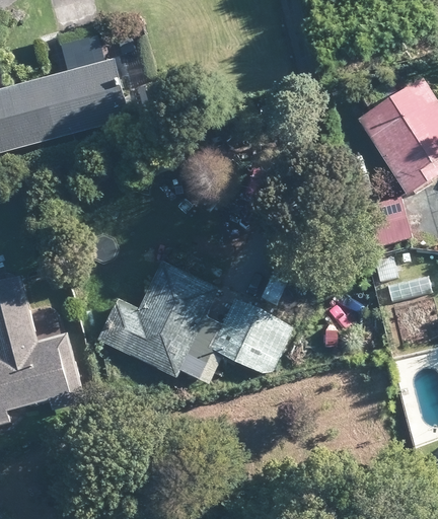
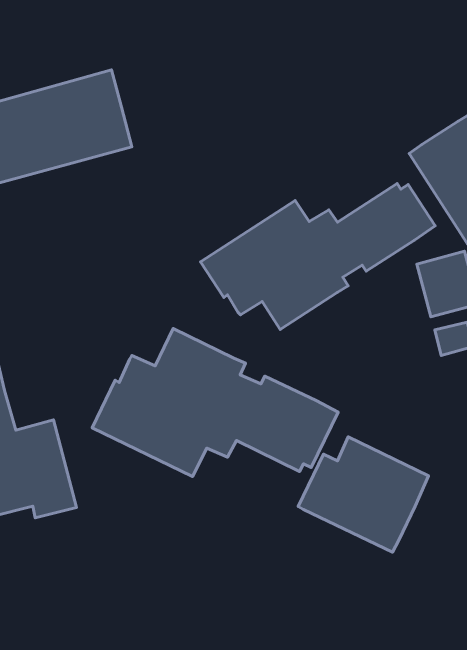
building: none -> [201,184,435,330]
building: none -> [298,437,429,552]

